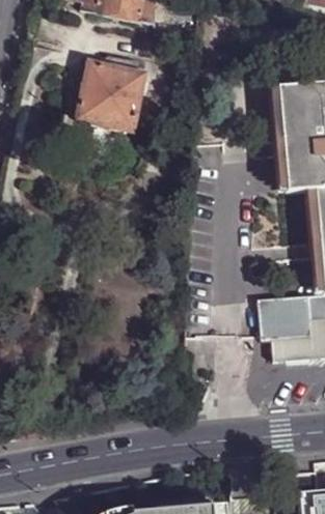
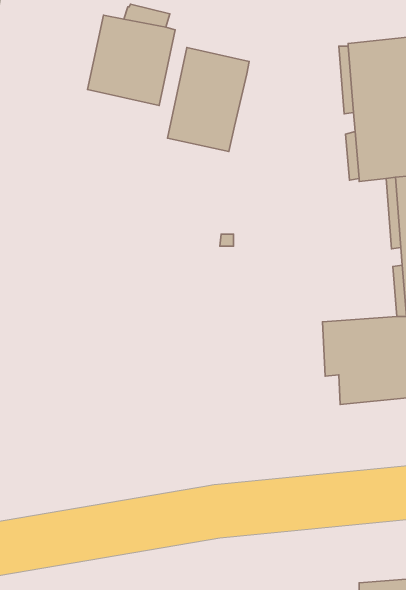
building: none -> [167,48,249,152]

